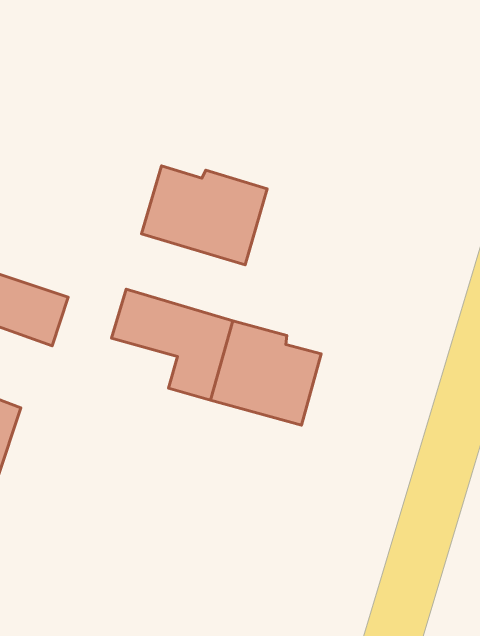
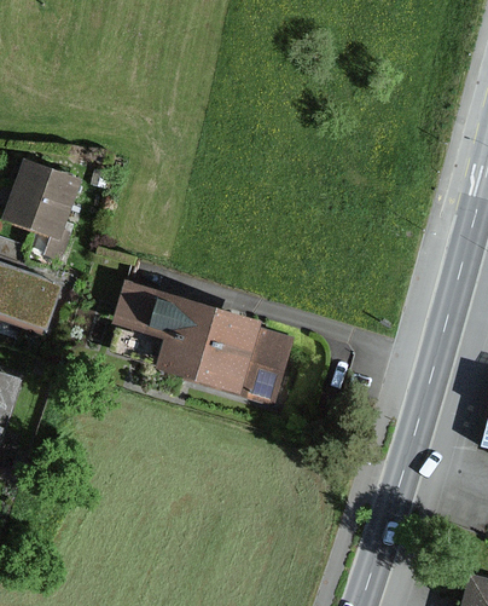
building: none -> [8,161,82,237]
building: [141,166,267,265] -> none

